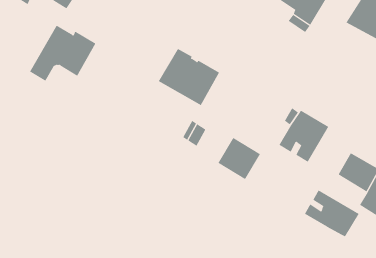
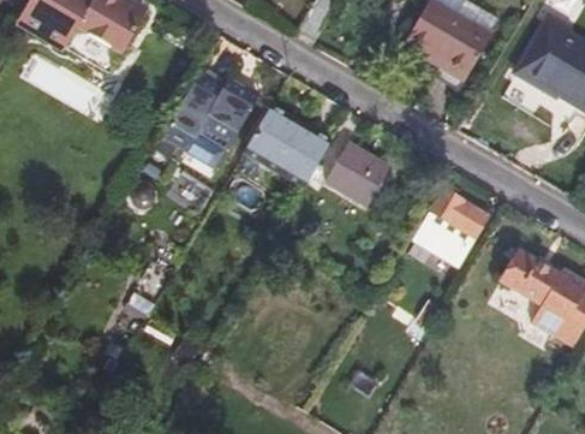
building: [29,25,96,82] -> [163,71,258,151]
building: [217,137,261,180] -> [329,144,390,204]
building: [304,189,359,237] -> none

